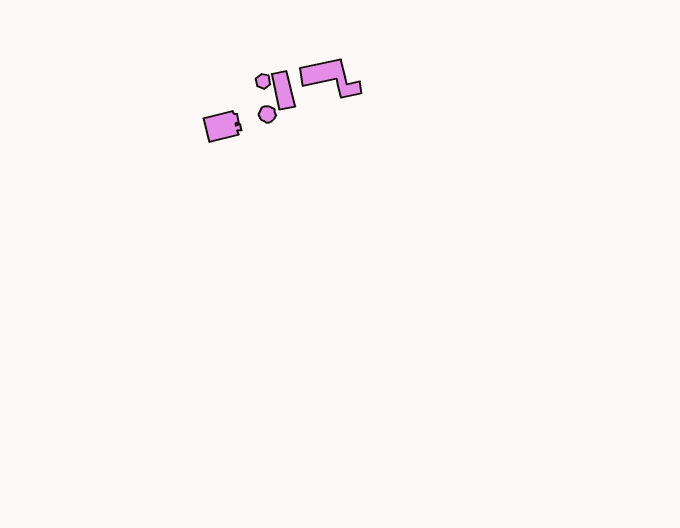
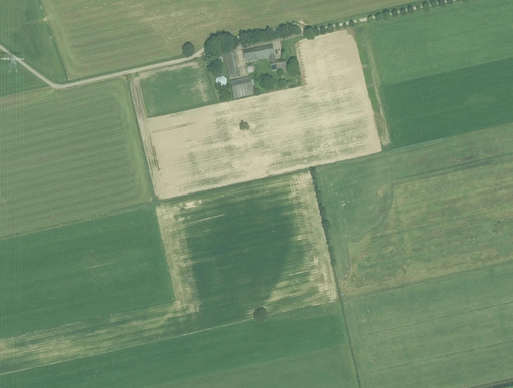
building: [203,111,242,142] -> [229,77,255,98]

